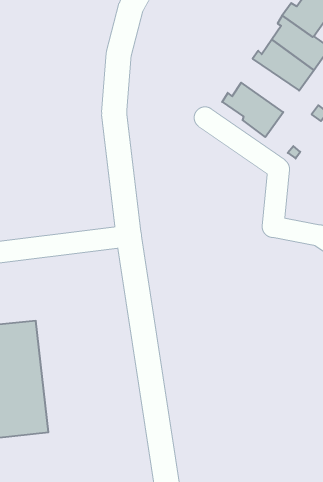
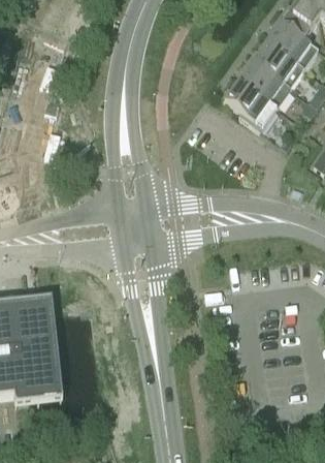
building: none -> [236,58,289,106]

